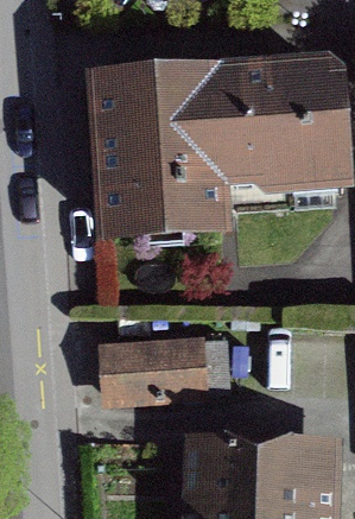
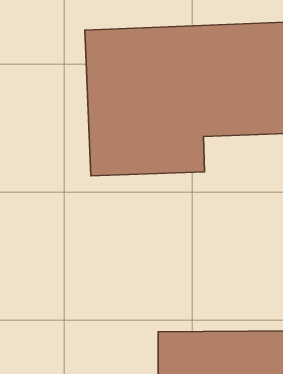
building: [91,334,228,403] -> none

